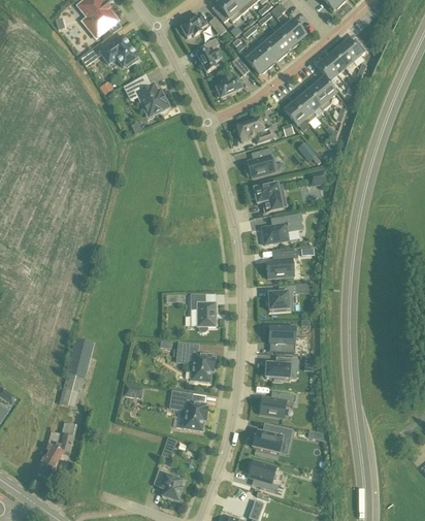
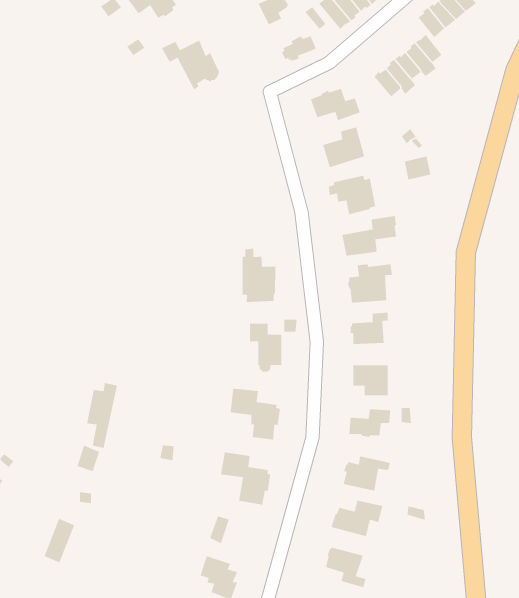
building: none -> [242,248,276,303]

